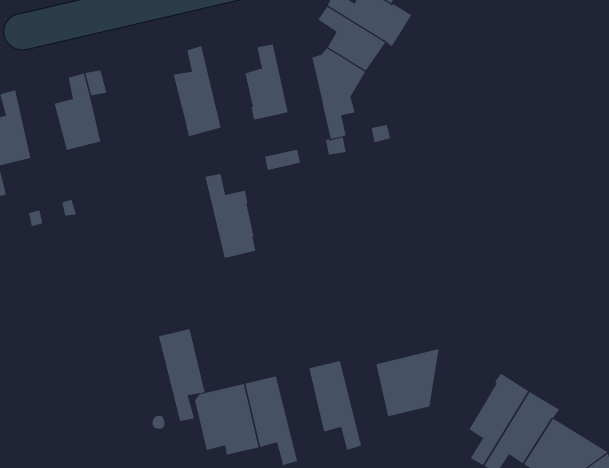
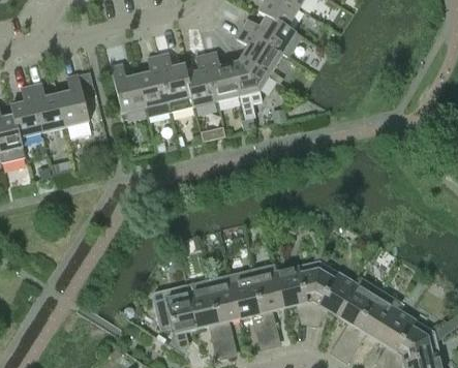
building: none -> [206,52,239,101]
building: none -> [111,64,146,114]
building: none -> [31,84,65,132]
building: [204,173,256,259] -> [157,54,192,112]
building: [158,329,205,422] -> [208,275,240,338]
building: none -> [312,262,357,316]
building: none -> [251,265,283,328]

